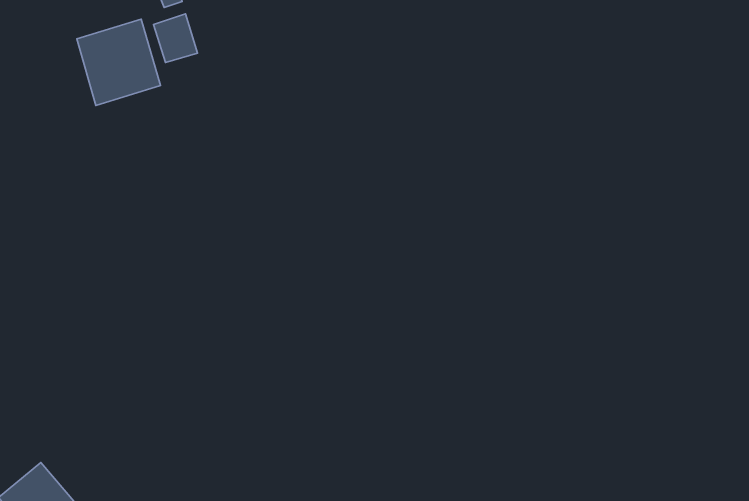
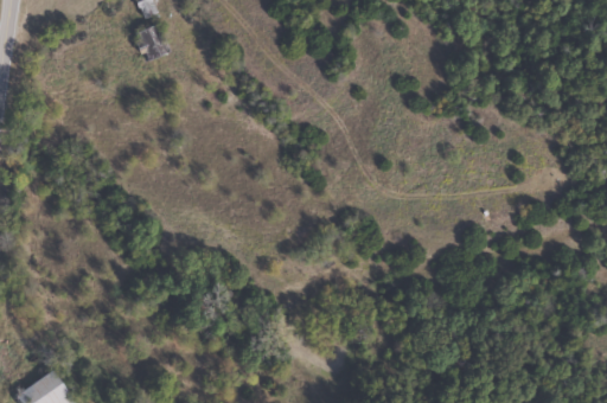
building: [77,19,160,105] -> none

